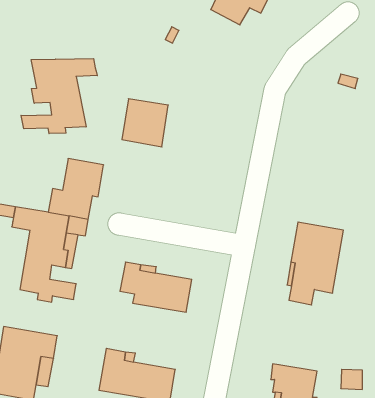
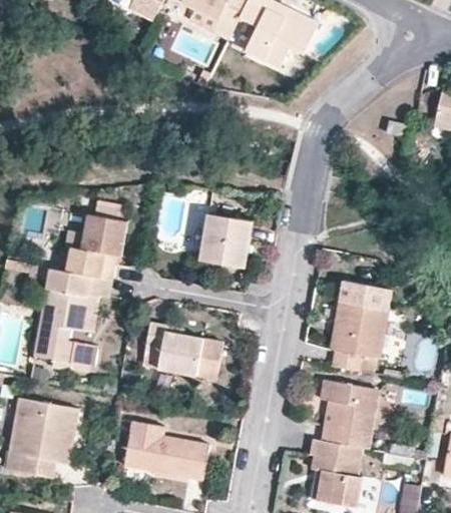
building: [21,59,97,134] -> none
building: [122,99,168,147] -> [200,217,252,271]
building: none -> [320,379,378,447]

